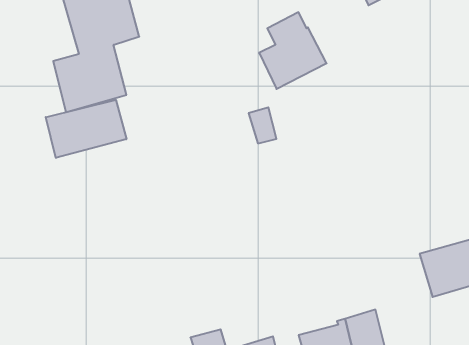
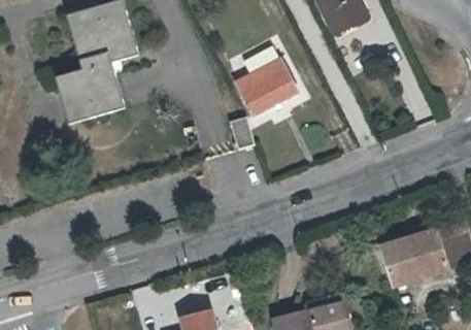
building: [46,100,126,158] -> none

